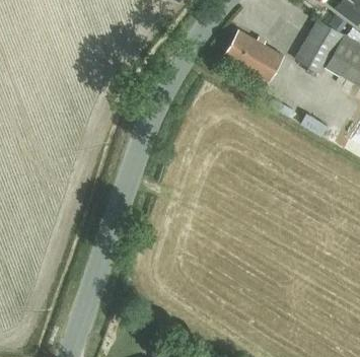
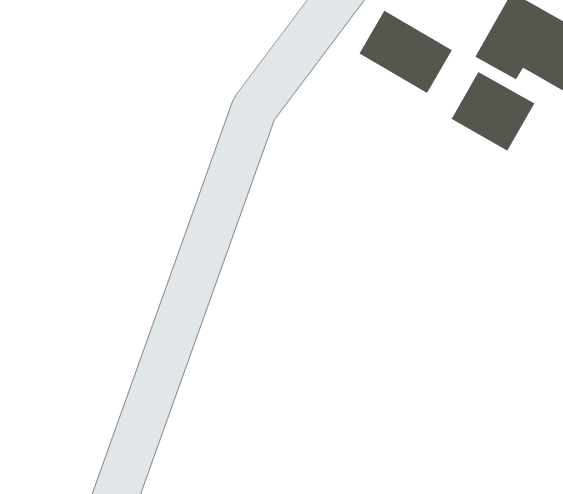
building: none -> [451,71,535,151]

